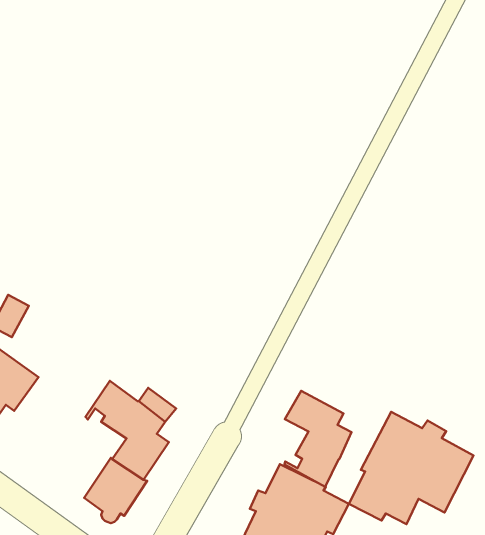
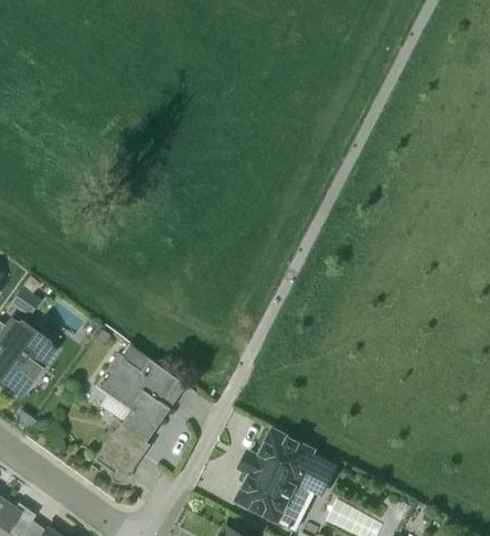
building: [285,391,352,487] -> none
building: [349,412,474,524] -> none

